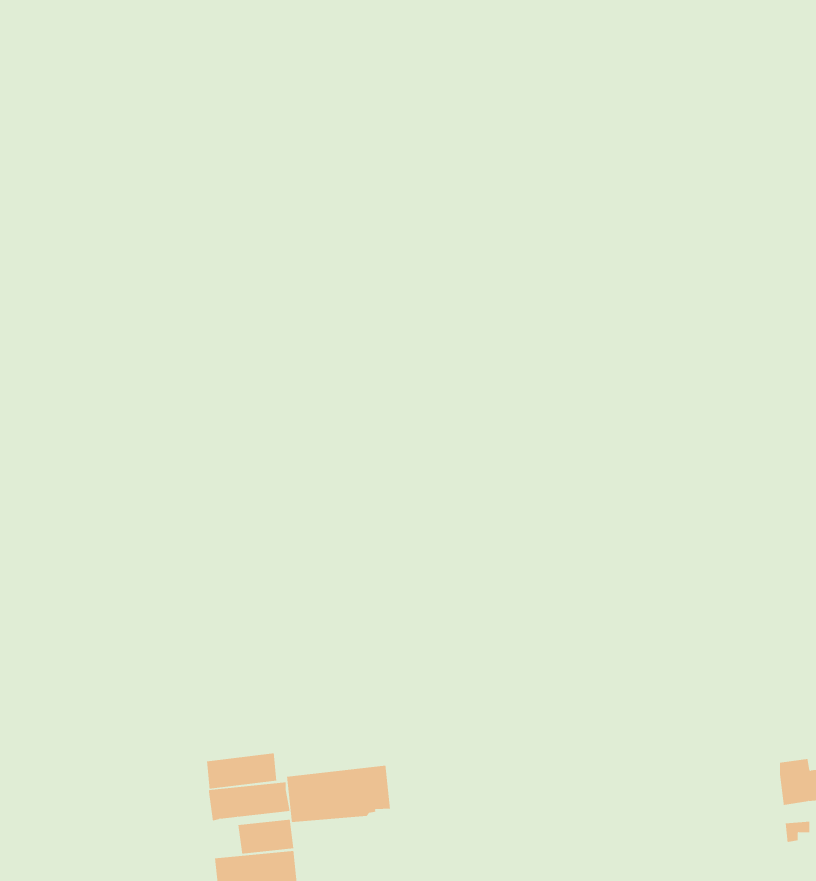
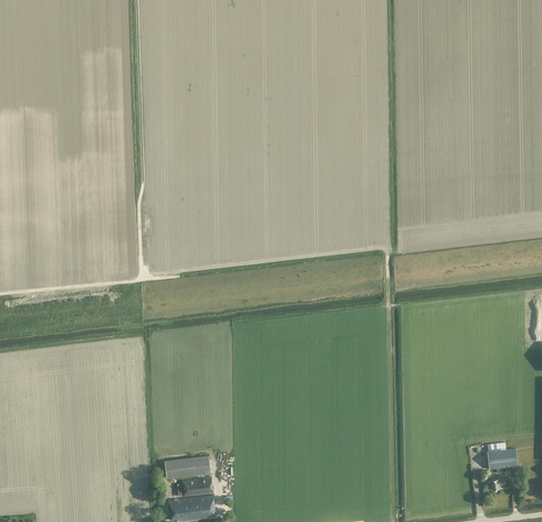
building: [206,752,277,790] -> none
building: [286,765,390,823] -> none

